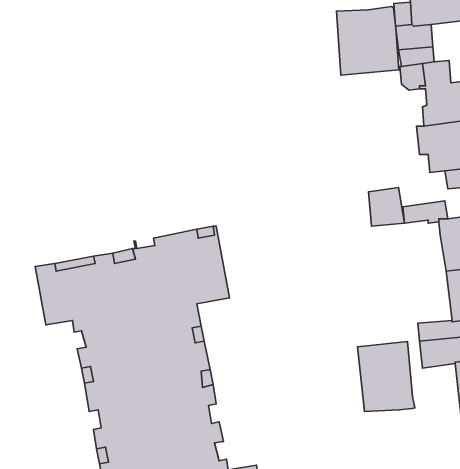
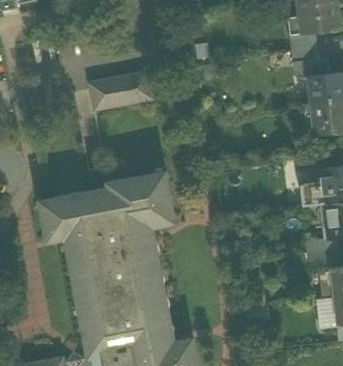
building: [337,6,399,75] -> none
building: none -> [89,73,152,110]
building: [369,187,404,226] -> [299,178,324,205]
building: [357,341,415,411] -> none

